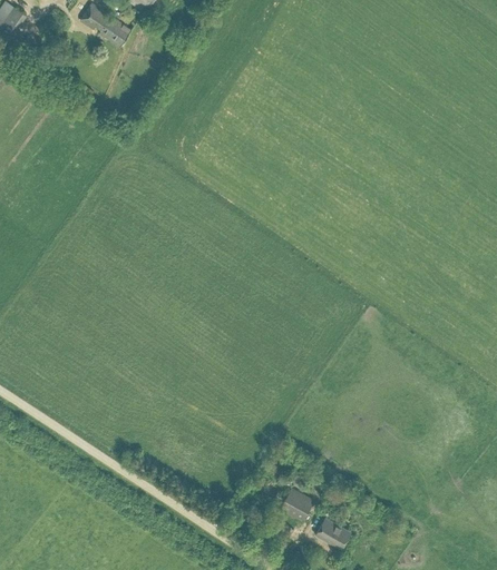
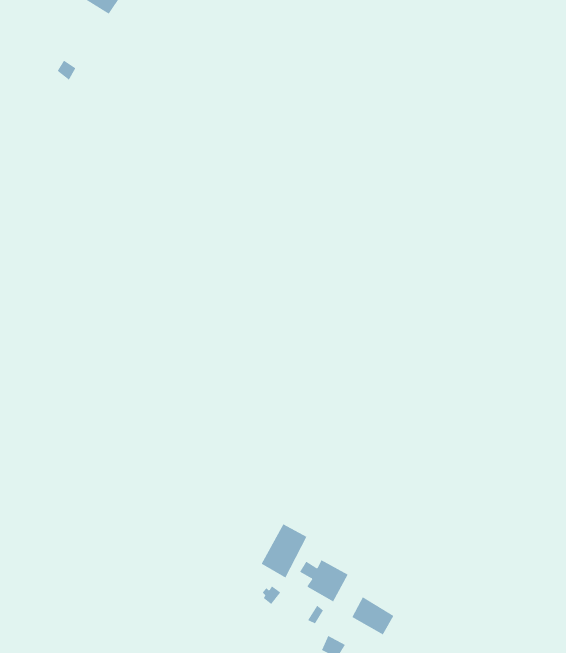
building: none -> [261,524,307,579]

